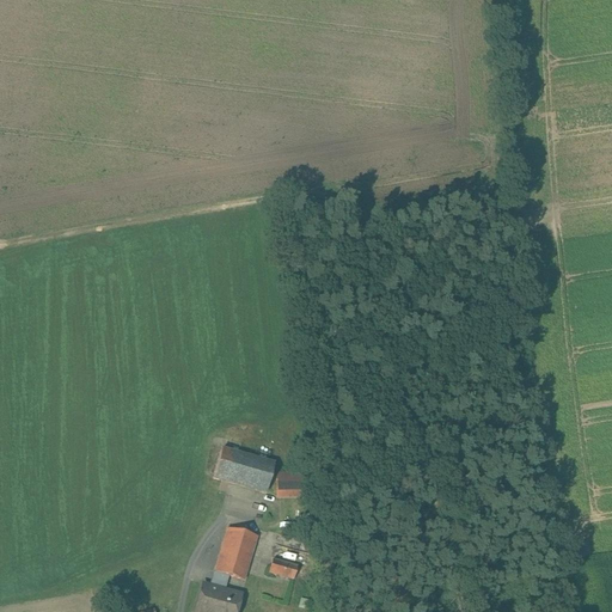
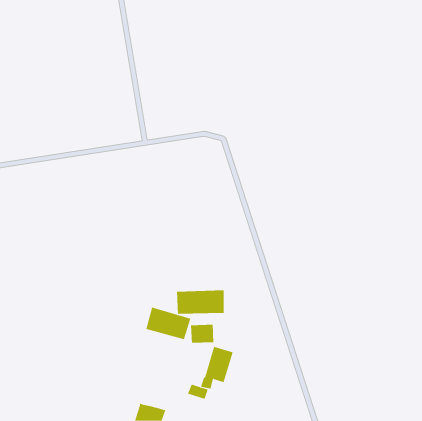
building: none -> [176,289,224,315]
building: [209,526,257,588] -> [200,346,233,389]

